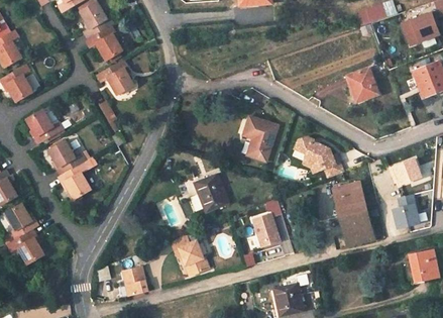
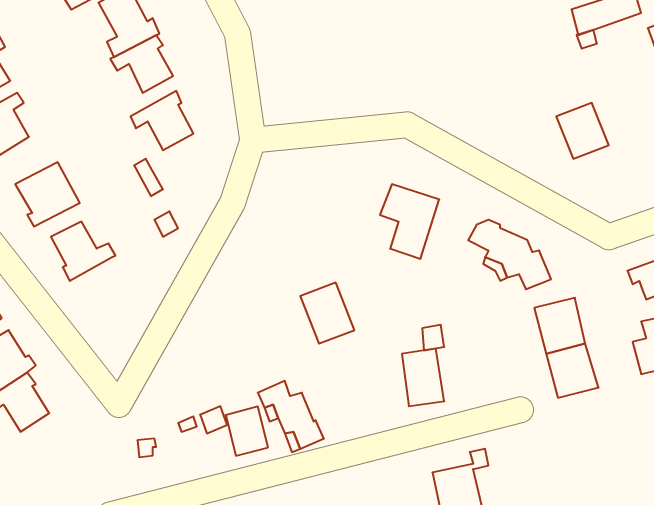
building: [57,160,89,197] -> none
building: [121,267,146,296] -> [226,407,268,456]

